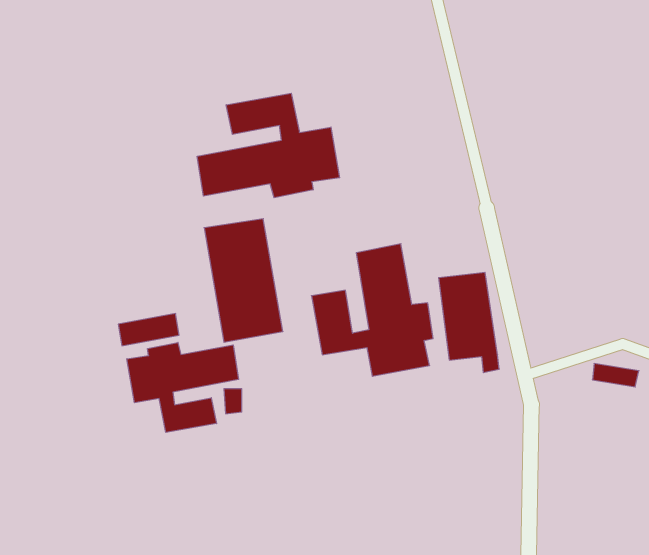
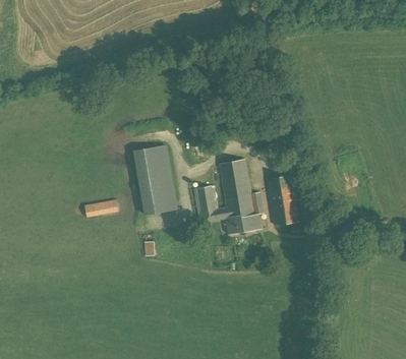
building: [197,93,340,198] -> none
building: [127,342,239,432] -> none

